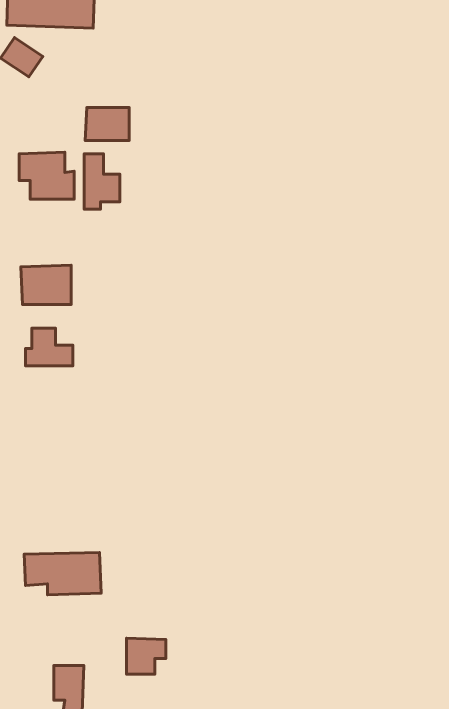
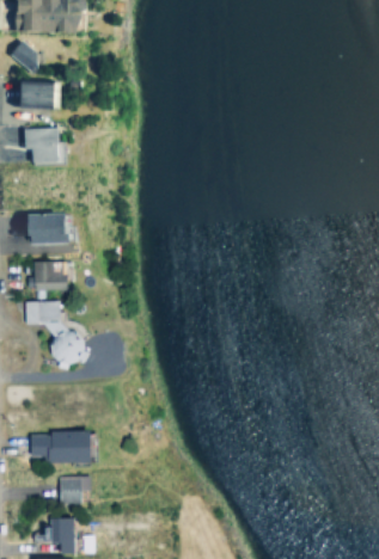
building: [85,107,129,140] -> [19,84,53,109]
building: [84,154,120,209] -> none
building: none -> [26,301,91,369]
building: [127,638,166,674] -> [61,477,91,504]

